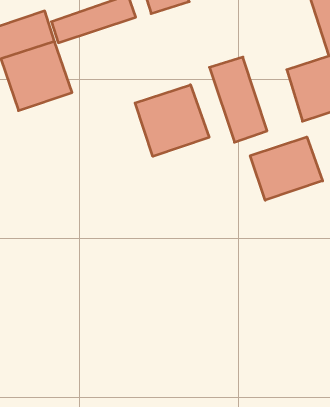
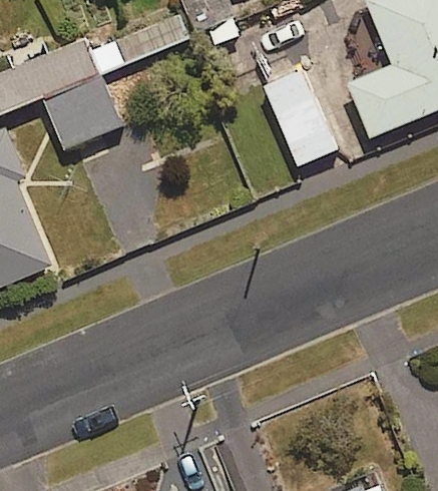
building: [135,85,209,156] -> none
building: [250,137,323,200] -> none

